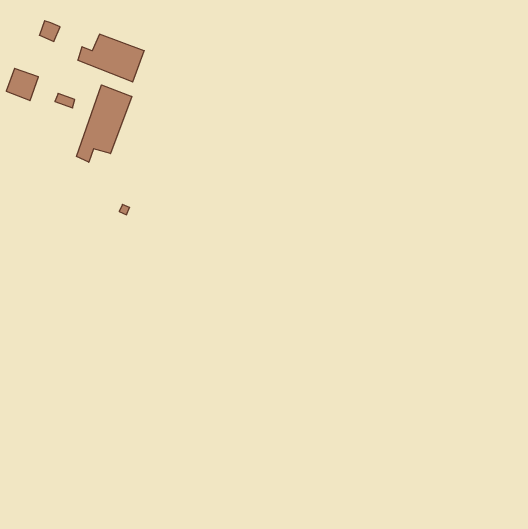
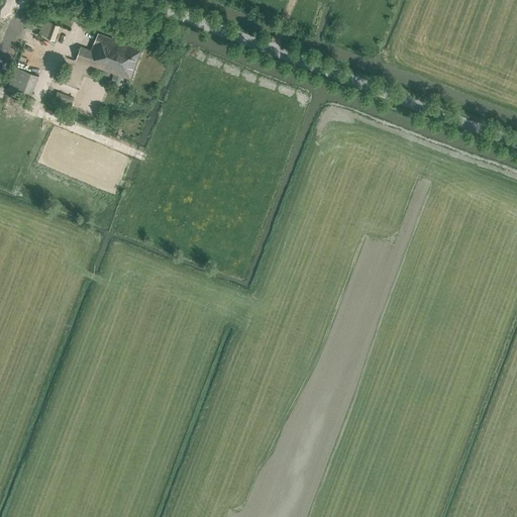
building: [76,85,132,162] -> none

